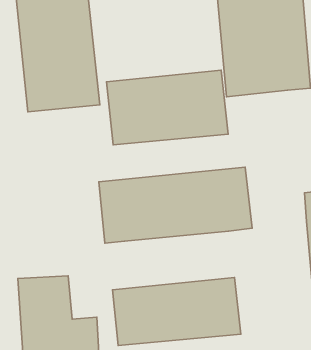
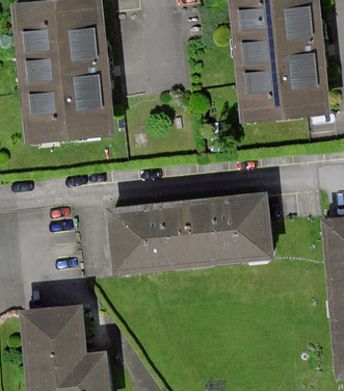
building: [107,70,228,145] -> none
building: [112,277,241,346] -> none

